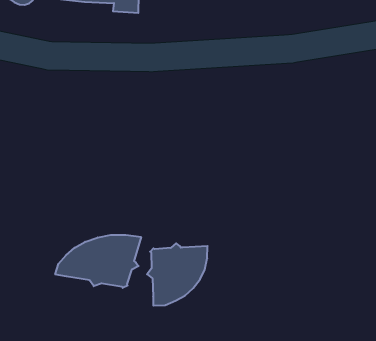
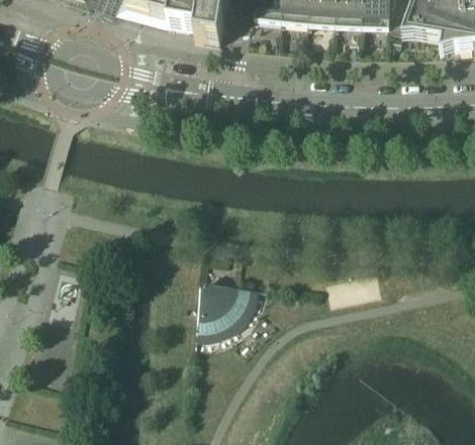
building: [55,235,141,288] -> none

